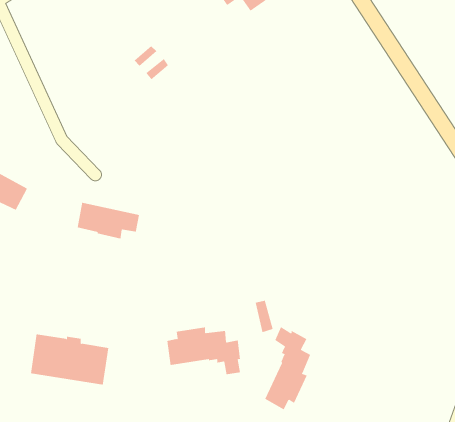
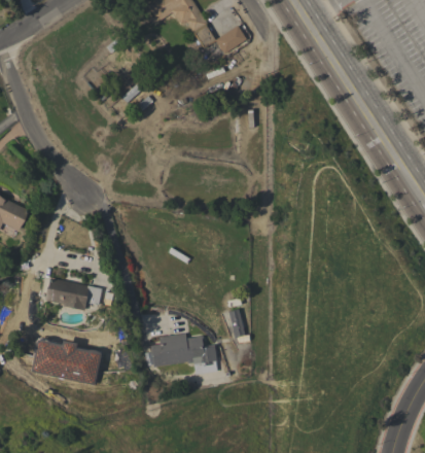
building: [77,202,140,239] -> [46,277,102,310]
building: [265,326,311,410] -> none

